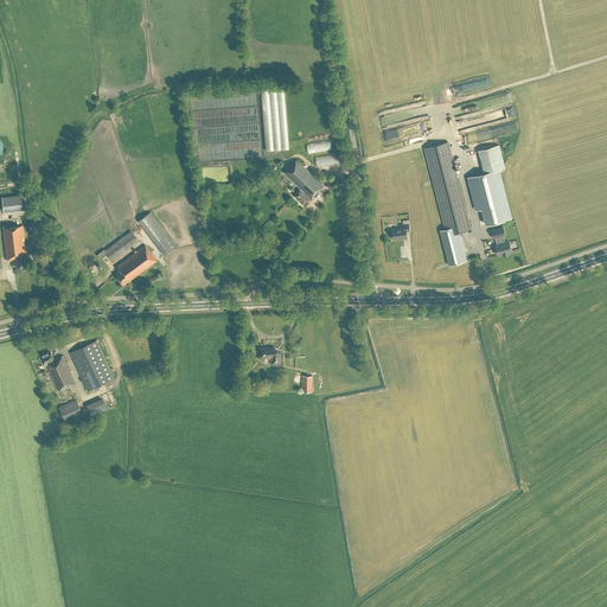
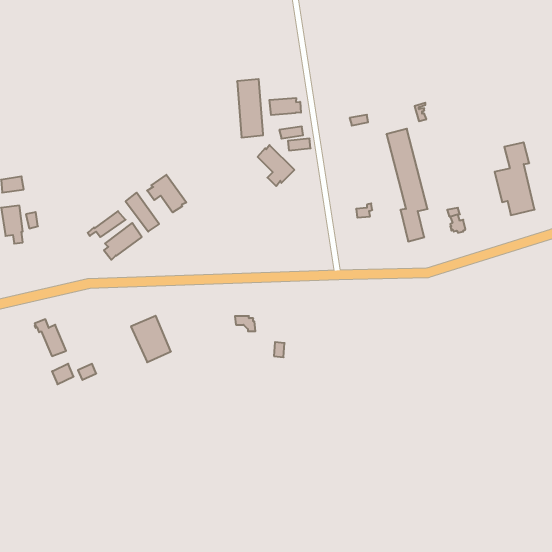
building: none -> [269,98,301,115]
building: [466,146,510,225] -> [495,142,535,215]
building: none -> [147,175,186,212]
building: [69,340,113,391] -> [131,316,171,362]

